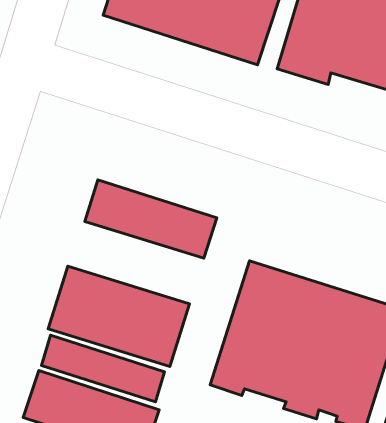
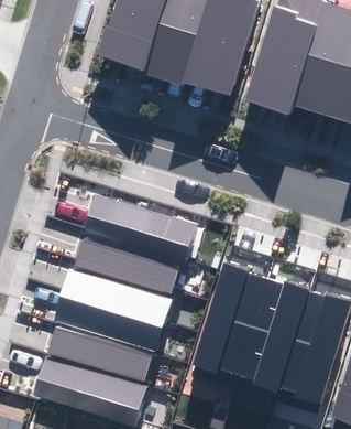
building: none -> [72,232,179,294]

